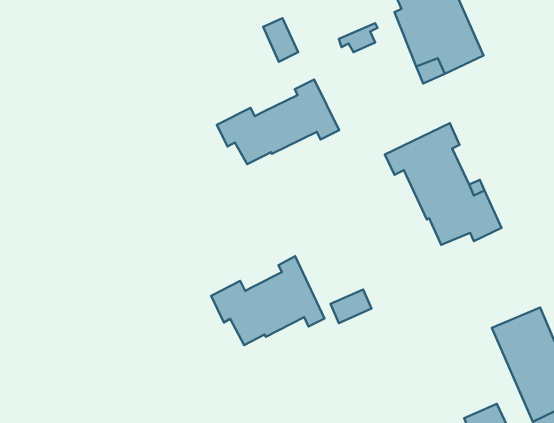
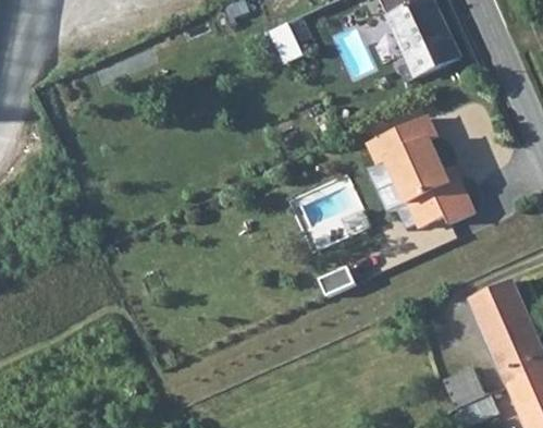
building: [217,79,339,164] -> none
building: [211,256,325,345] -> none

